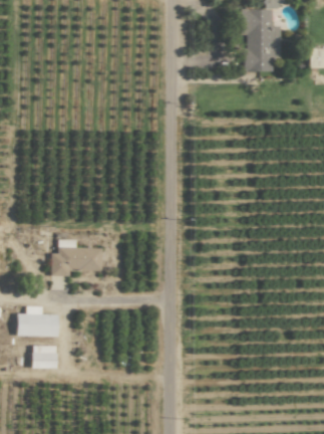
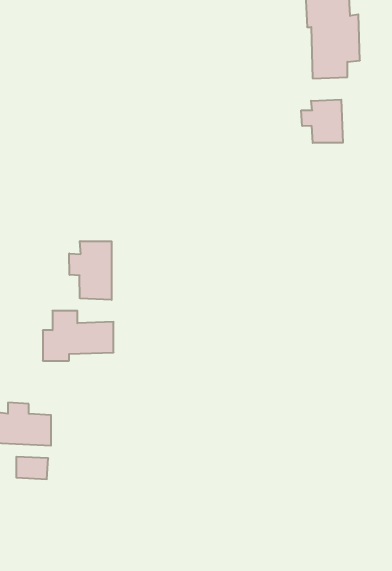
building: none -> [301,100,343,143]
building: none -> [69,241,112,300]

